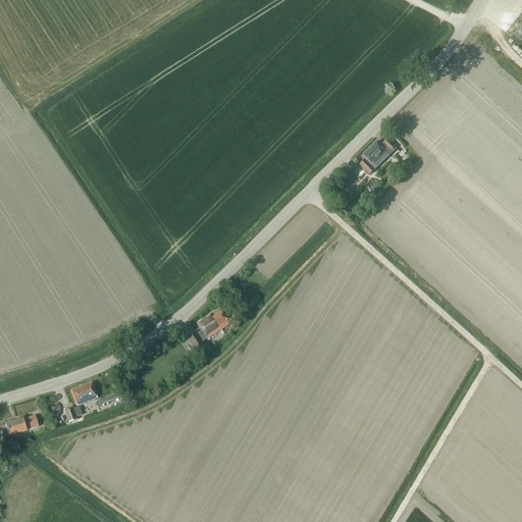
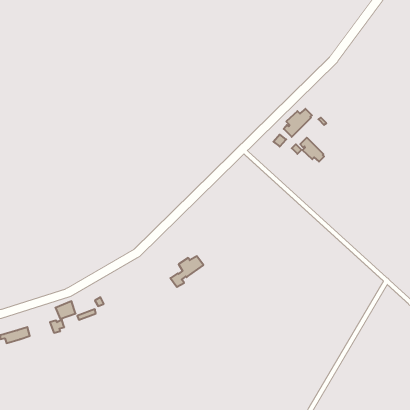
building: none -> [300,138,324,162]
building: [188,311,229,350] -> [170,256,203,287]

